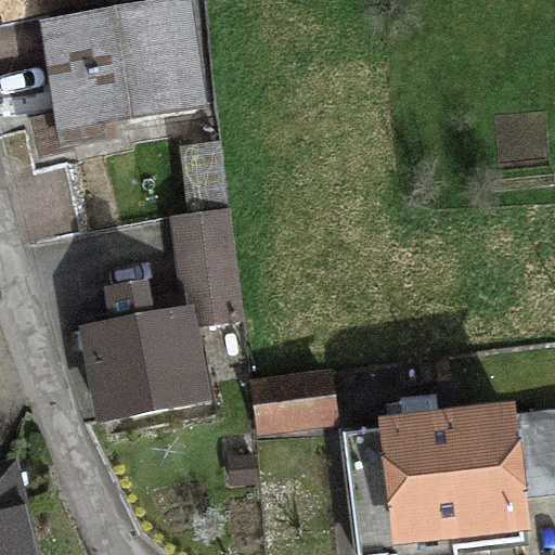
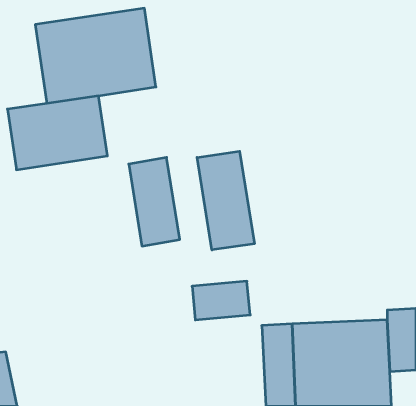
building: none -> [197,151,254,250]
building: [87,308,201,426] -> none

